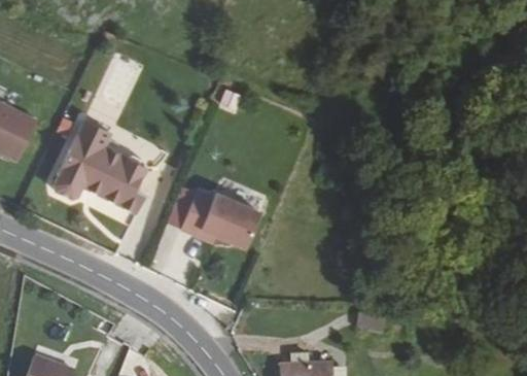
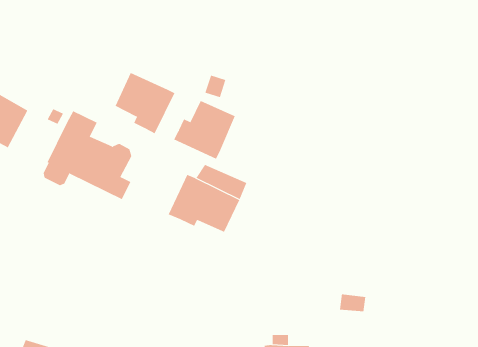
building: none -> [115,72,175,134]
building: none -> [173,100,235,160]

